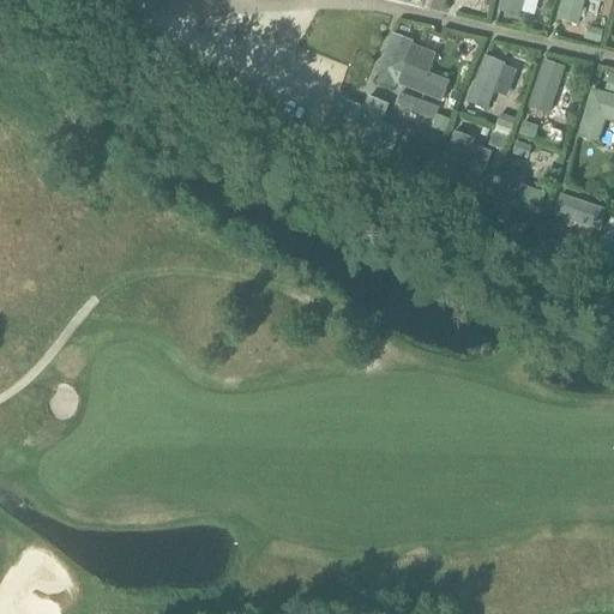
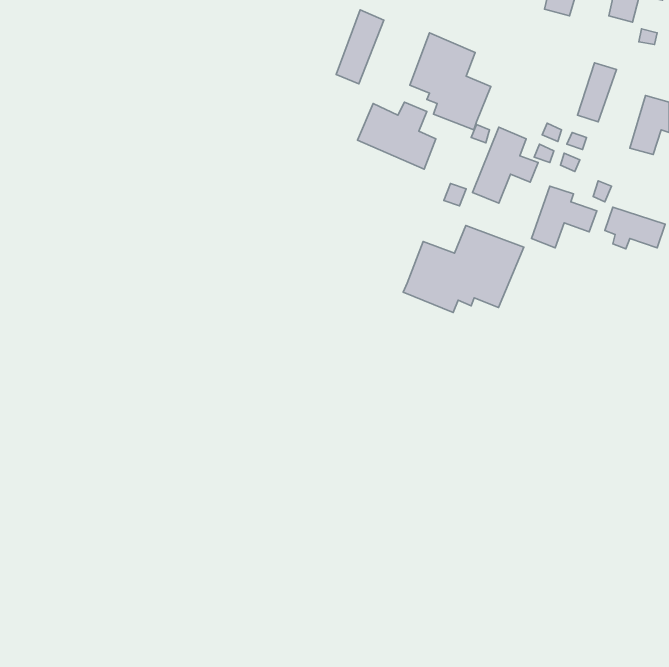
building: none -> [336,10,384,84]
building: [466,53,508,108] -> none
building: none -> [403,226,524,312]

